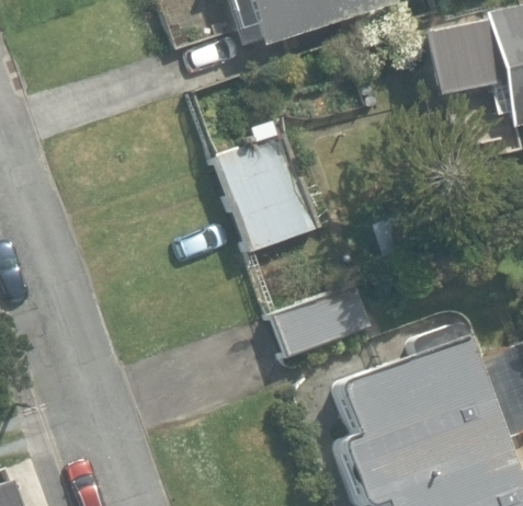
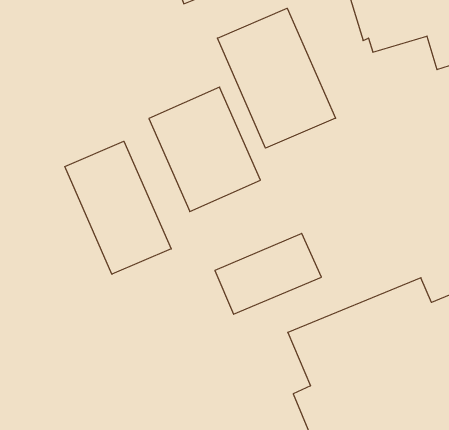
building: none -> [217,8,336,148]
building: none -> [65,141,171,274]

